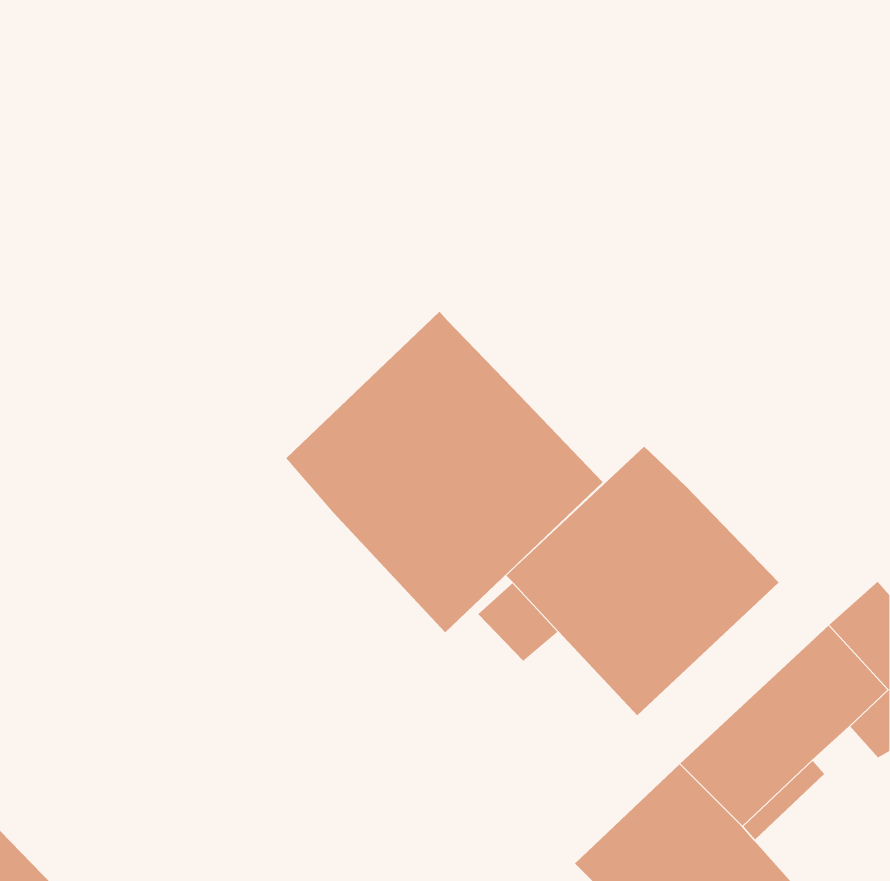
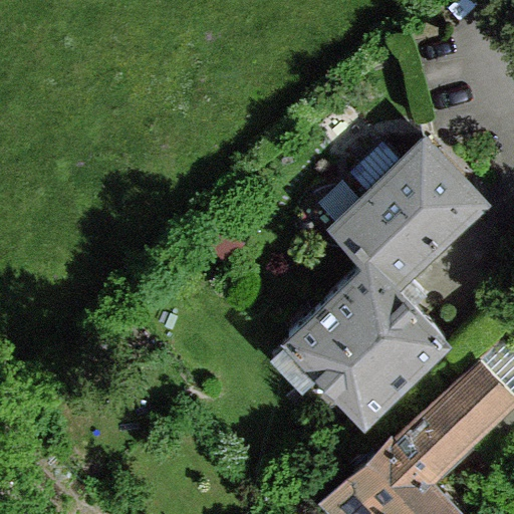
building: none -> [350,146,470,287]
building: [285,311,603,633] -> none

